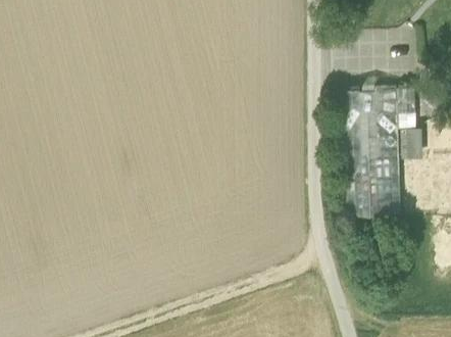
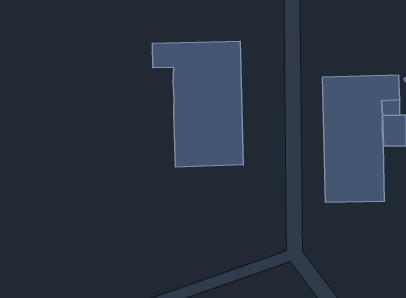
building: none -> [153,41,243,167]

